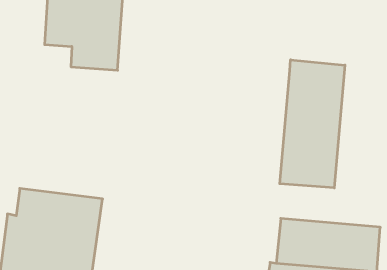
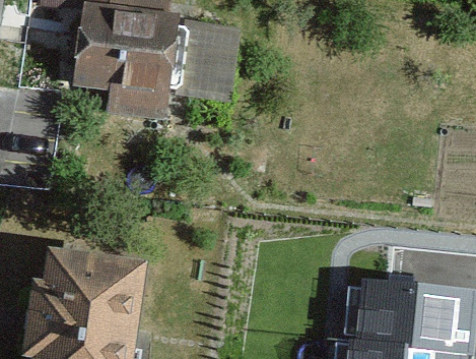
building: [280,60,345,188] -> none

